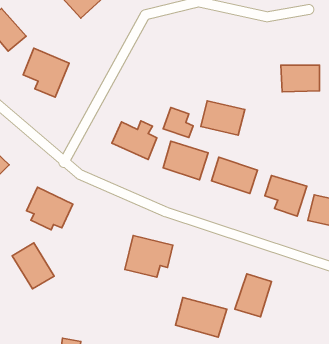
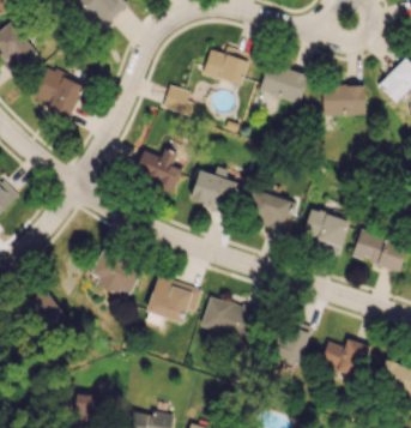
building: none -> [203,47,252,85]
building: [201,101,245,135] -> [260,64,309,102]
building: [163,108,193,138] -> [162,84,195,117]
building: [27,187,73,230] -> [91,248,143,296]
building: none -> [320,339,369,379]
building: [175,297,227,337] -> [201,296,259,340]

